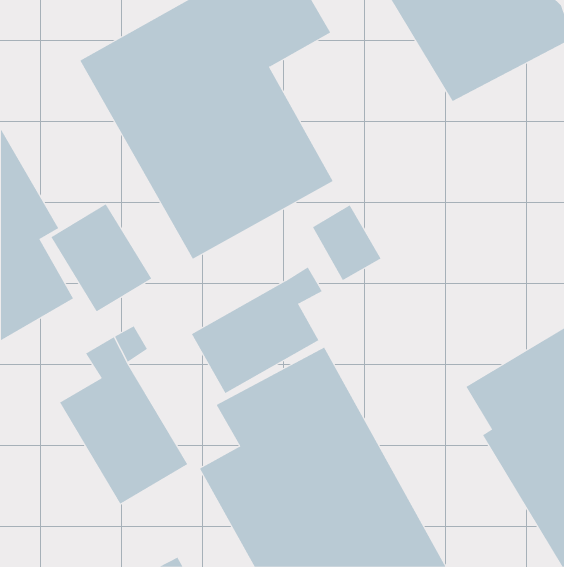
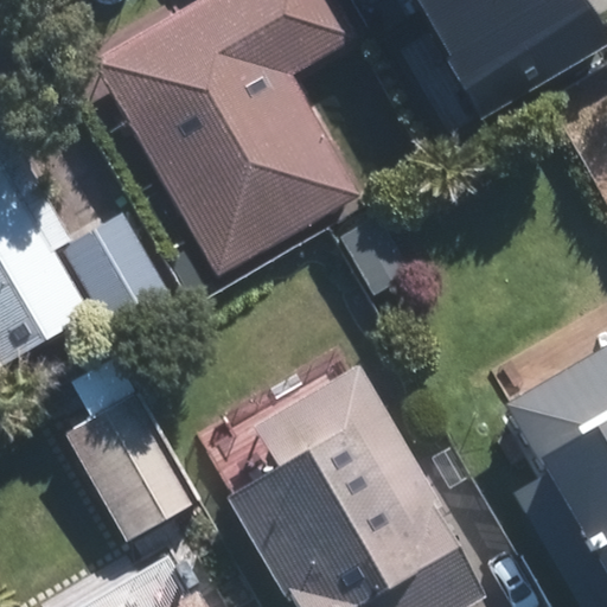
building: [191,266,322,394] -> none

